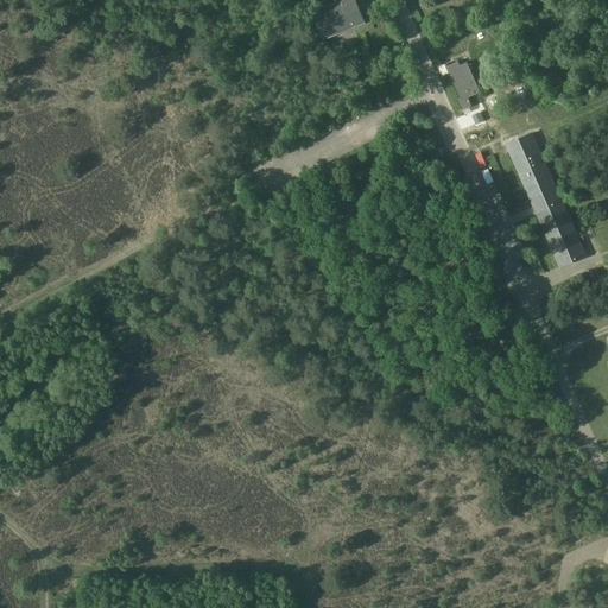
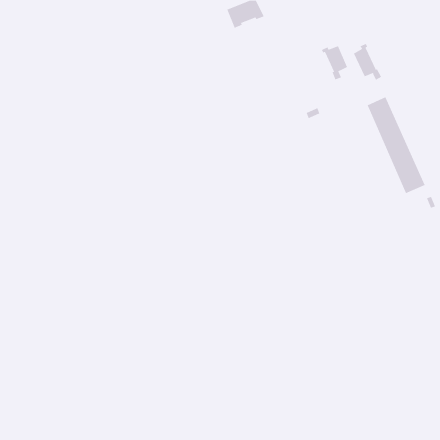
building: none -> [353,43,382,80]

